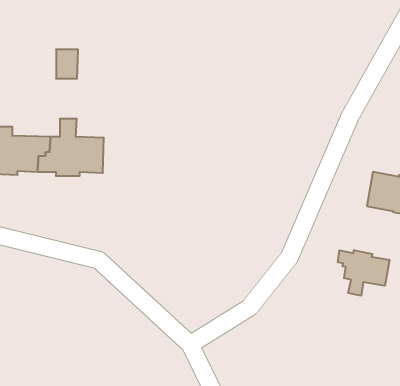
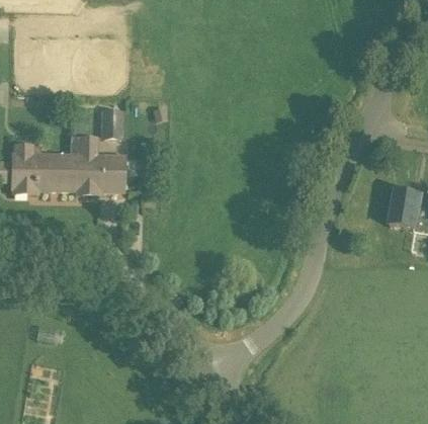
building: [56,49,78,79] -> [98,108,120,138]
building: [338,250,389,296] -> none

